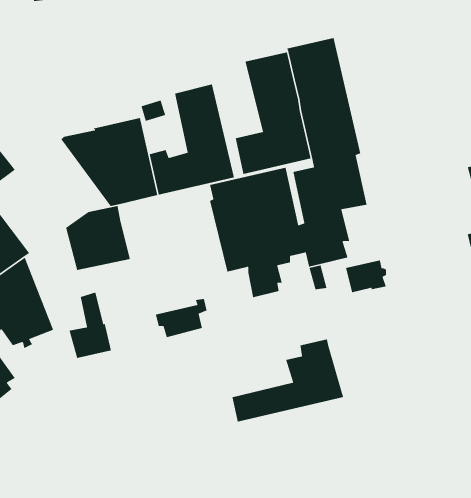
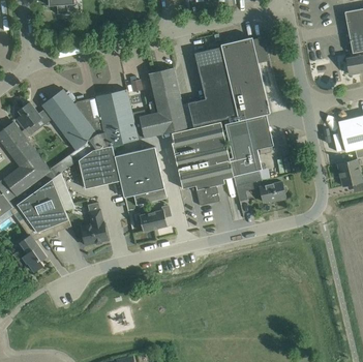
building: none -> [41,89,107,162]
building: none -> [114,147,167,205]
building: [231,339,344,422] -> none

